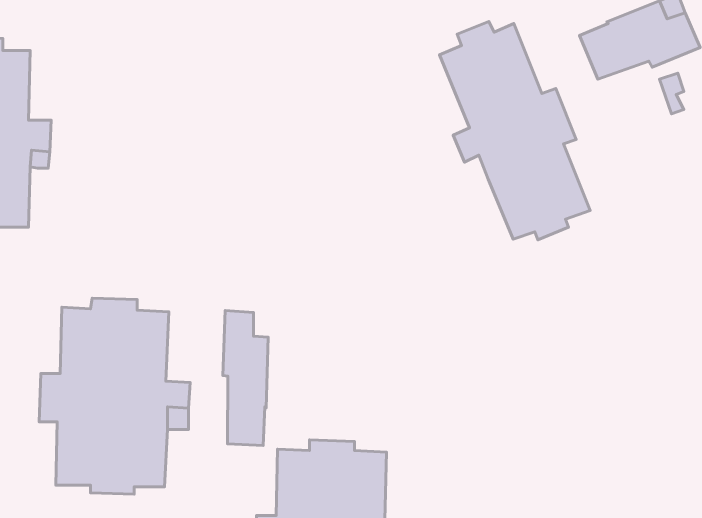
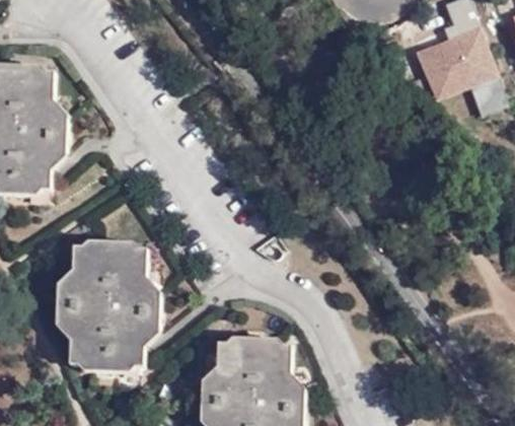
building: [439,21,590,240] -> none
building: [223,310,268,445] -> none

